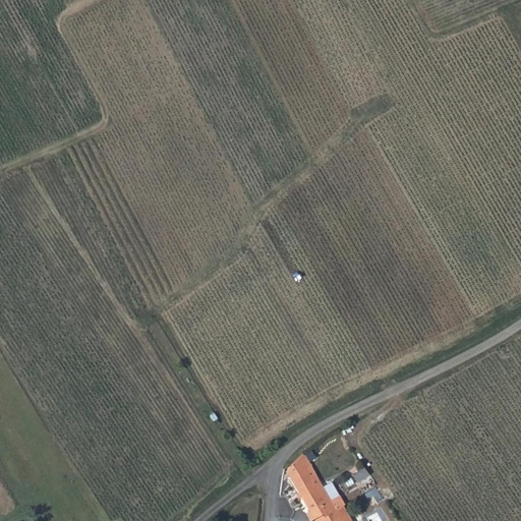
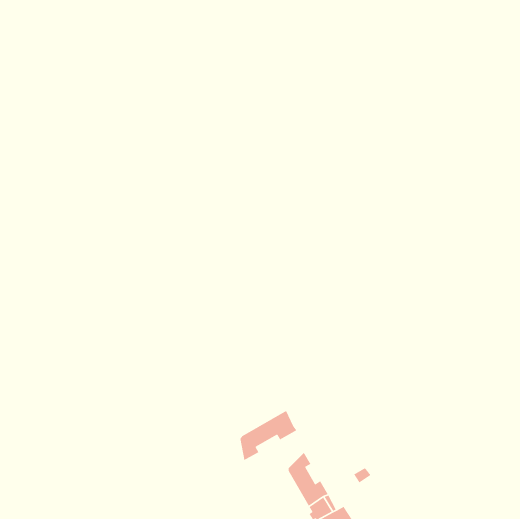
building: none -> [240,410,298,461]

